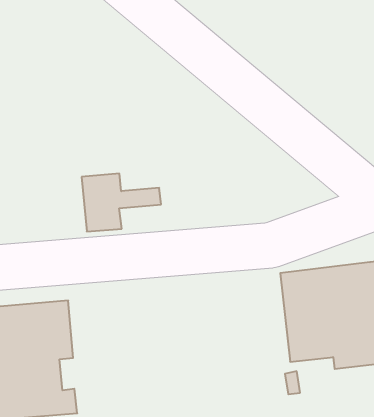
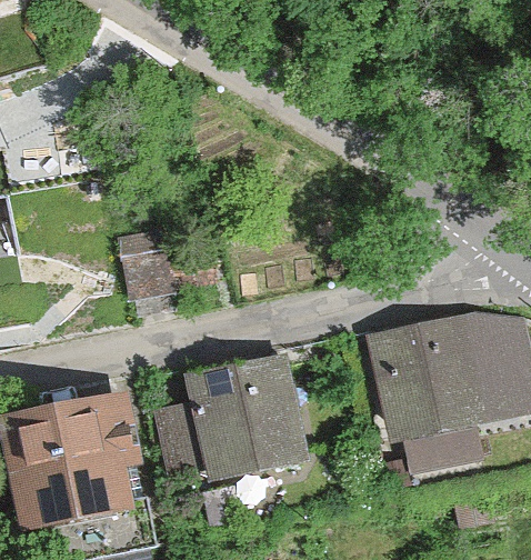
building: none -> [152,352,308,486]

